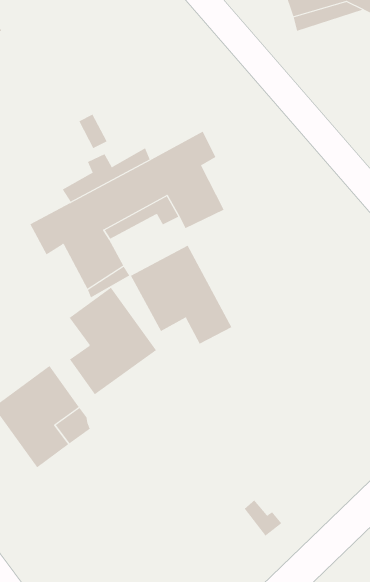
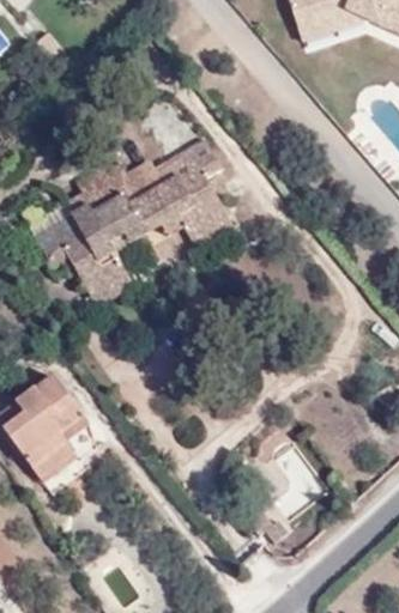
building: [130,245,232,345] -> none
building: [69,287,157,395] -> none

